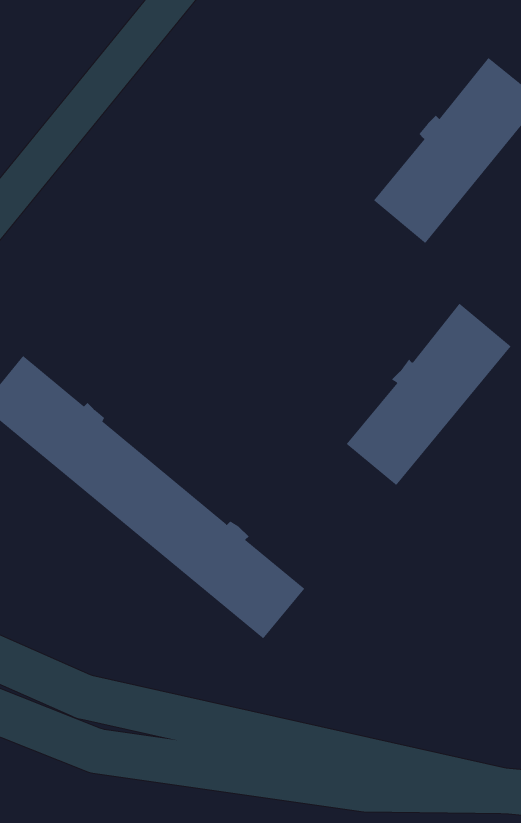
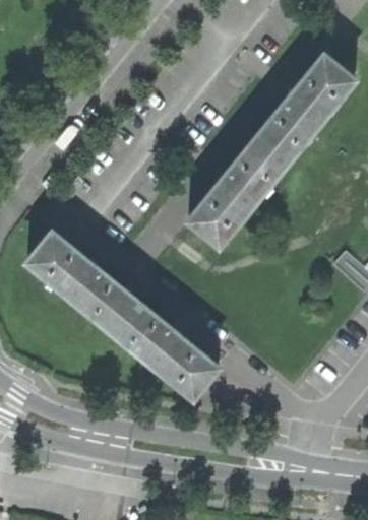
building: [346,303,511,486] -> [189,139,286,246]

